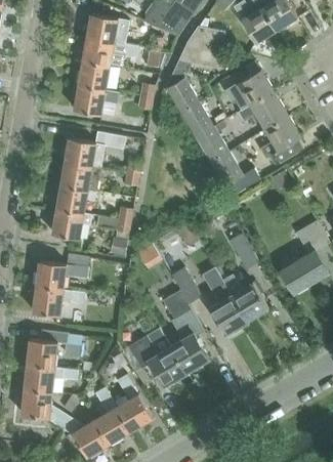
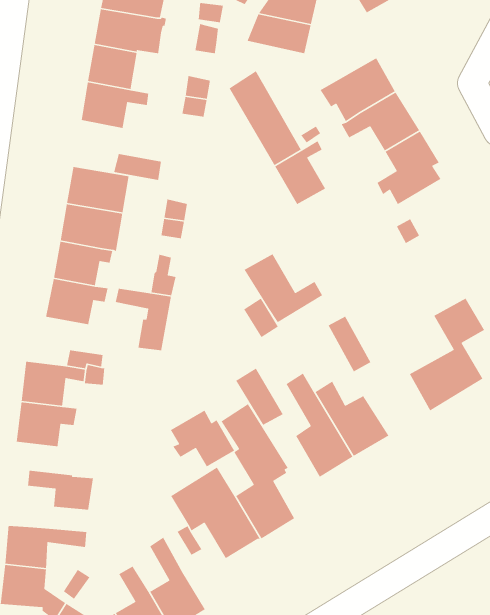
building: [210,153,260,197] -> [243,253,323,323]
building: none -> [170,409,235,468]
building: [28,339,57,367] -> none

